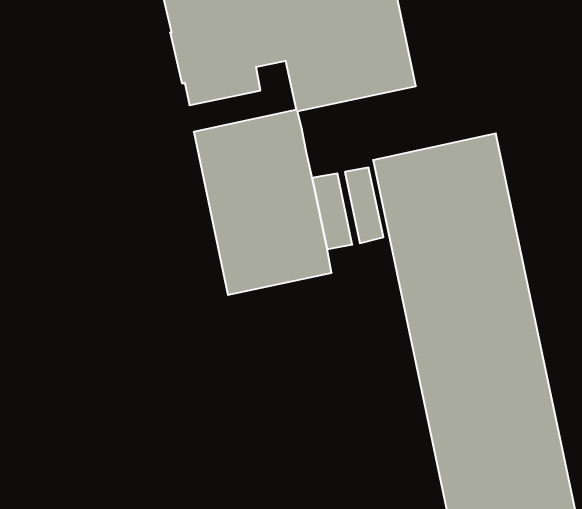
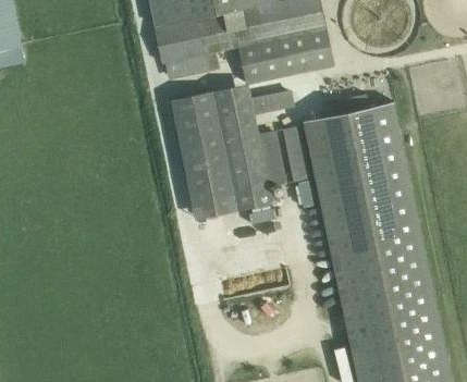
building: none -> [250,89,295,115]

